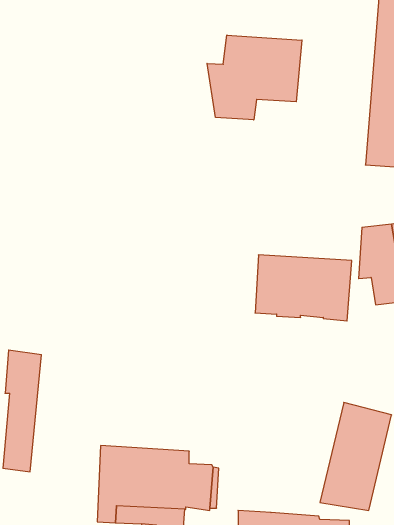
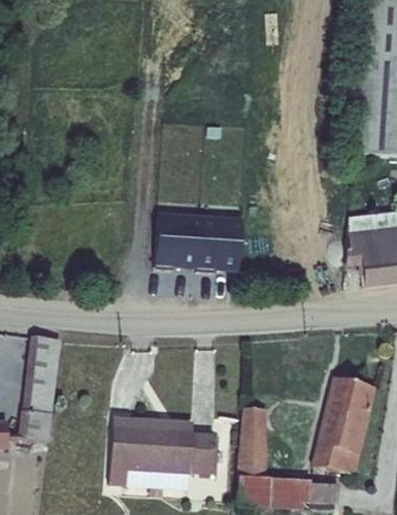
building: [207,35,302,120] -> none
building: [255,255,352,321] -> [156,215,243,275]
building: none -> [237,406,267,475]

